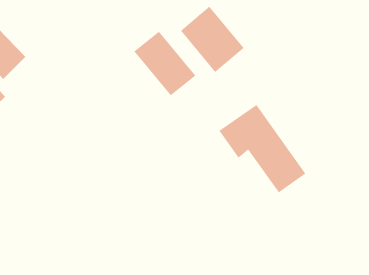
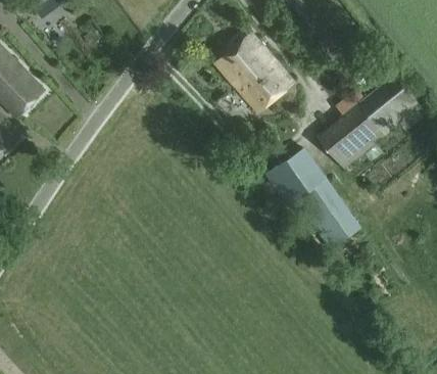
building: [133,31,196,96] -> none
building: none -> [318,73,421,168]

